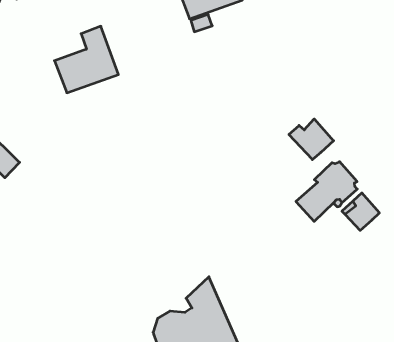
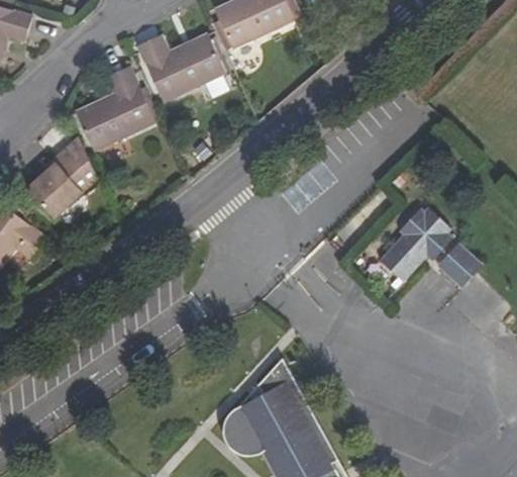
building: none -> [138,34,225,101]
building: none -> [27,140,96,218]
building: [289,119,334,160] -> none

